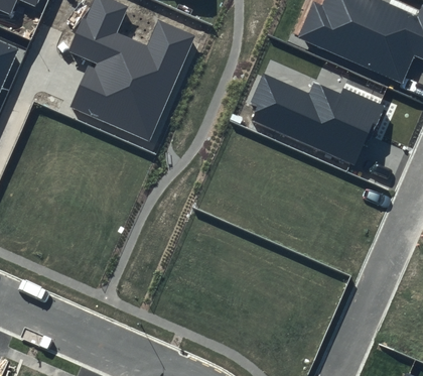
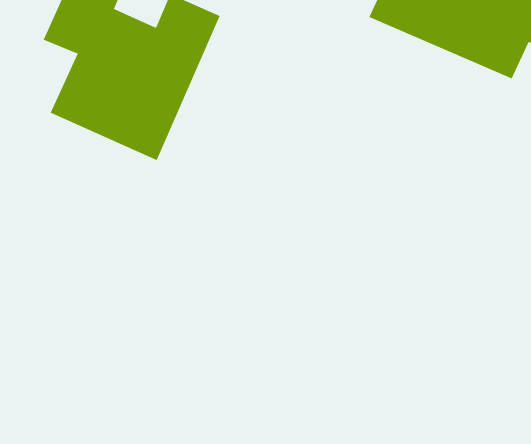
building: [250,73,385,165] -> none

